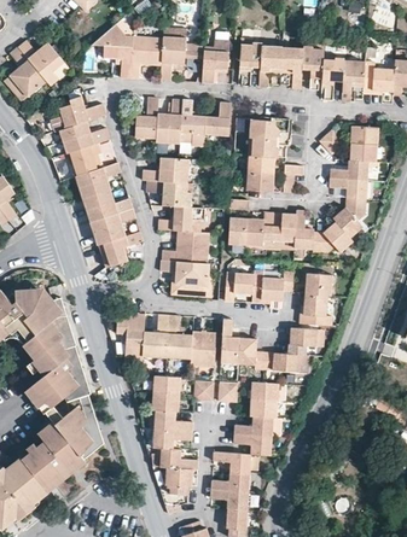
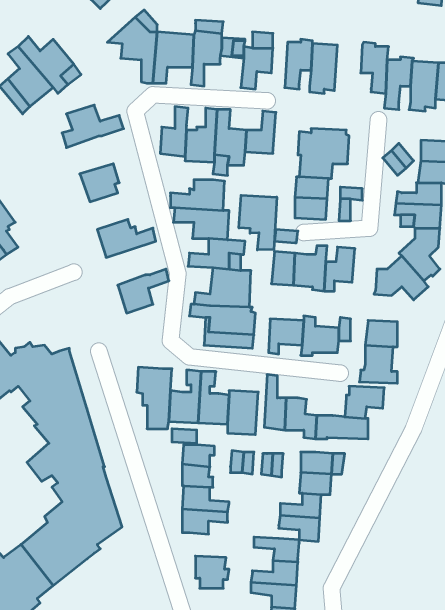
building: [279,47,302,89] -> none
building: [58,122,110,154] -> none
building: [76,163,121,199] -> none
building: none -> [239,195,277,250]
building: [91,209,135,245] -> none
building: [293,210,314,250] -> none
building: [158,449,197,469] -> none

